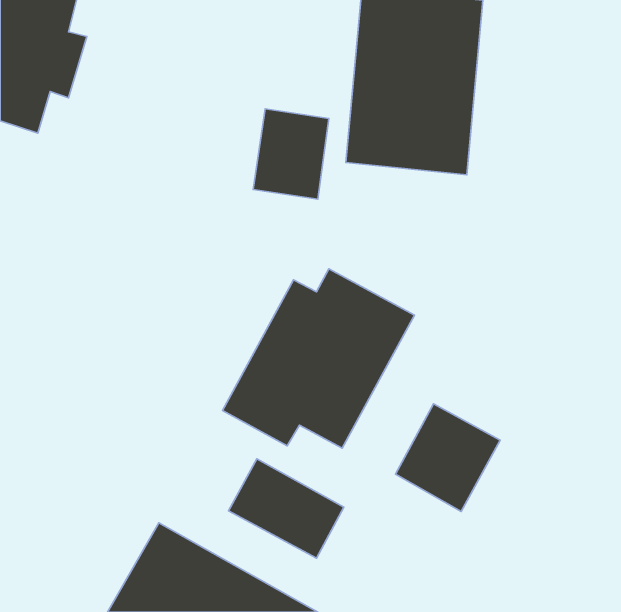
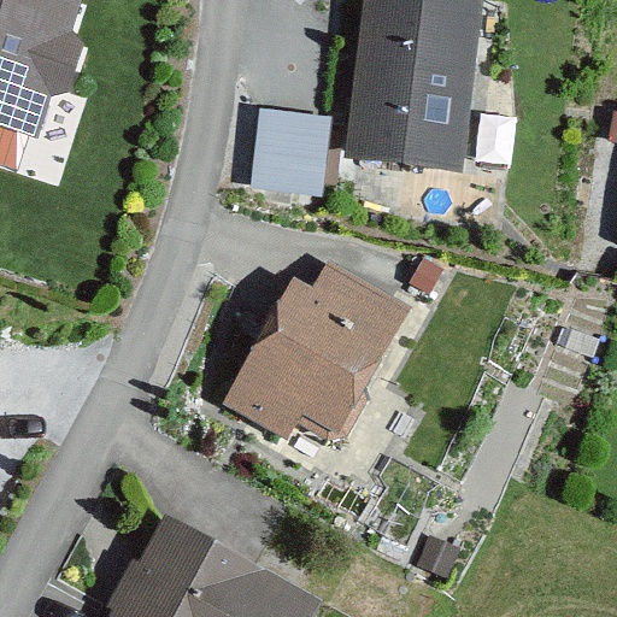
building: [395,404,500,512] -> none
building: [228,459,344,558] -> none

